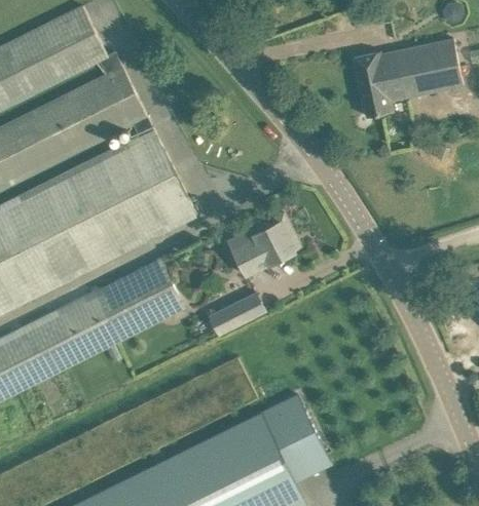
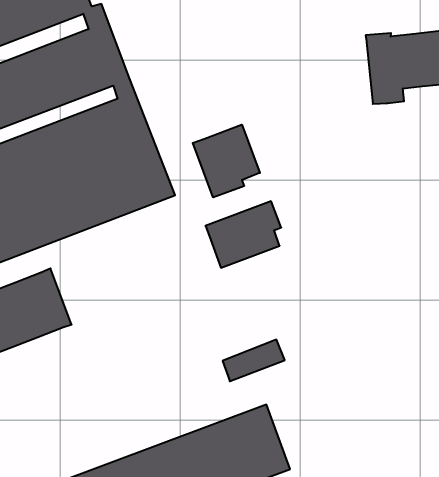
building: none -> [193,125,260,197]
building: [91,259,183,341] -> none
building: [209,295,264,336] -> [223,340,285,381]

